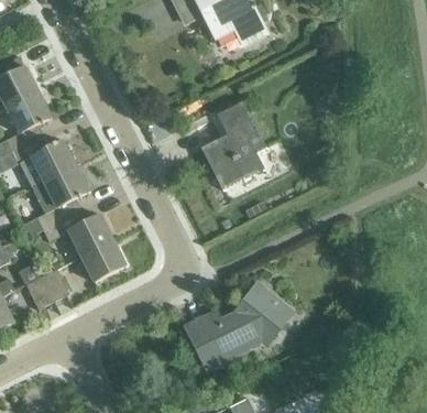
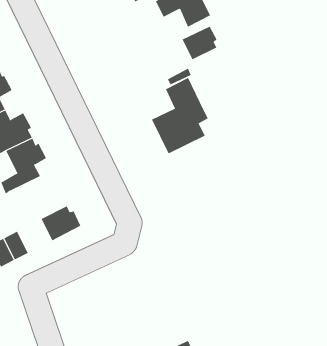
building: none -> [182,26,217,60]
building: [43,210,110,257] -> none
building: [189,289,286,365] -> none

